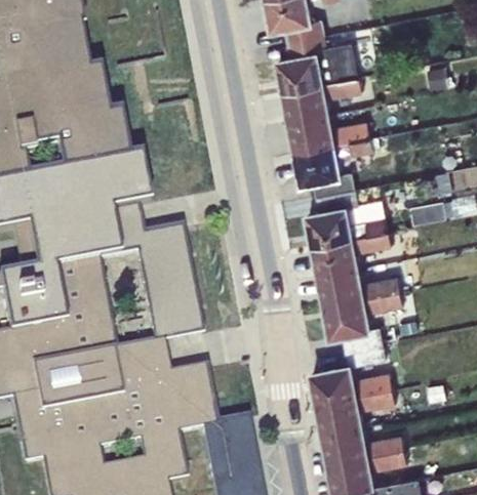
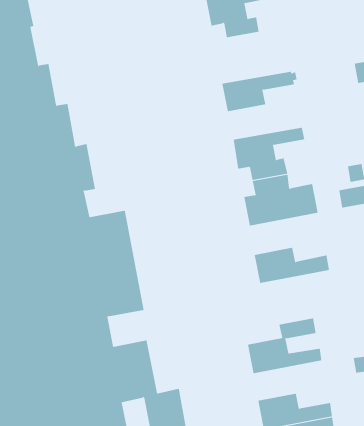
building: [276,35,358,90] -> none
building: [288,113,369,151] -> none
building: [312,230,390,275] -> none
building: [323,291,401,349] -> none
building: [316,388,394,431] -> none

